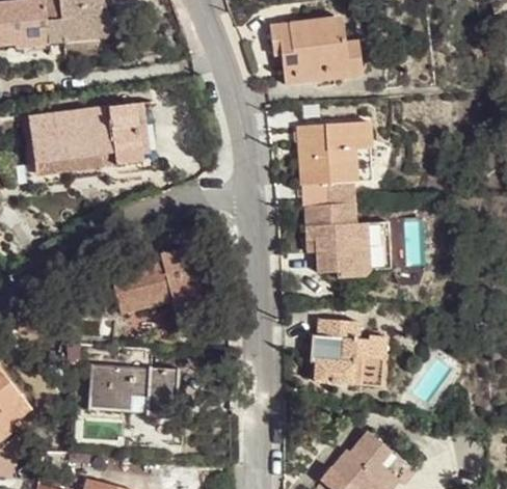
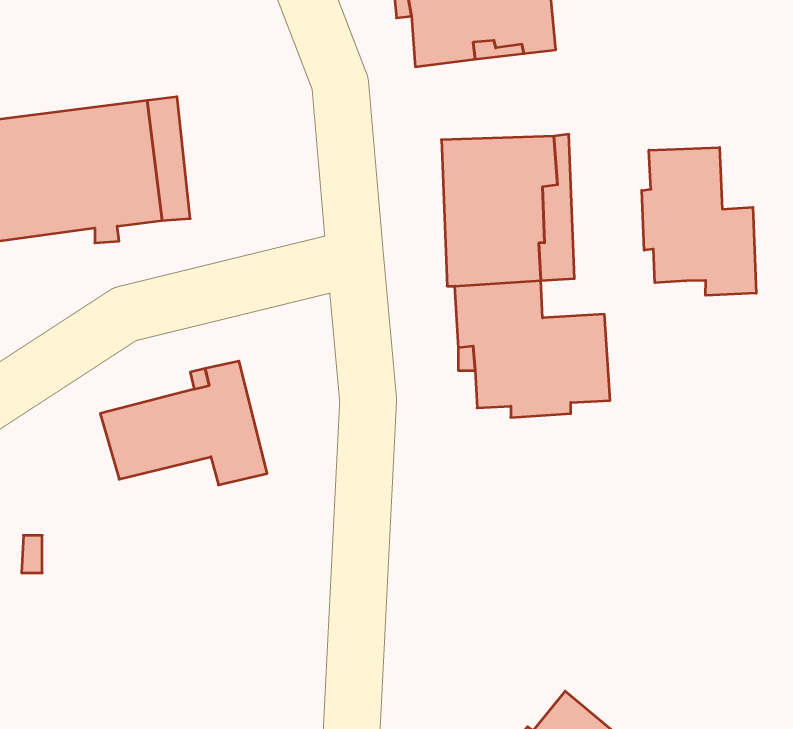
building: none -> [642,147,756,295]
building: [309,318,384,385] -> none
building: [87,364,178,413] -> none

